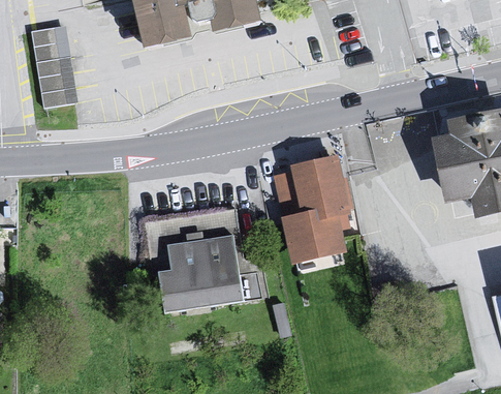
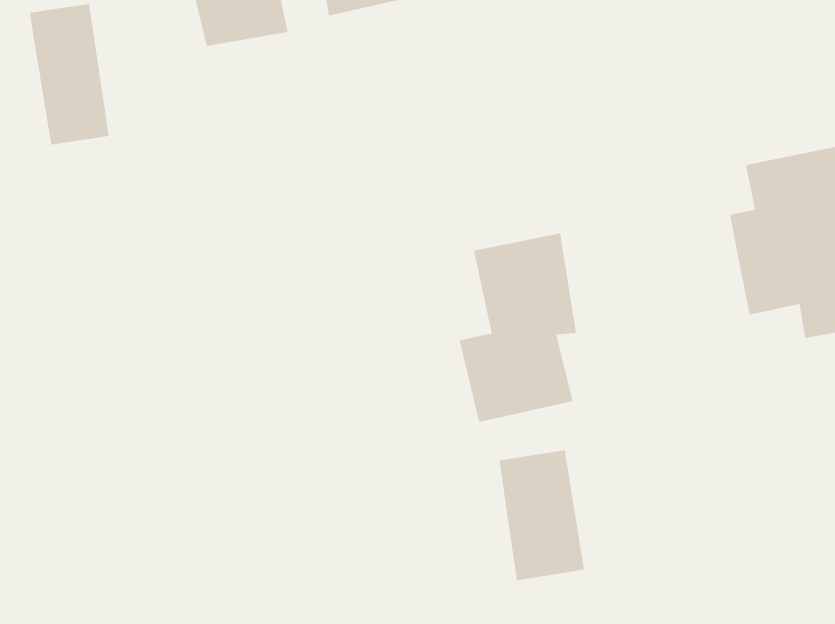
building: [157,234,244,310] -> none
building: none -> [499,449,584,581]

